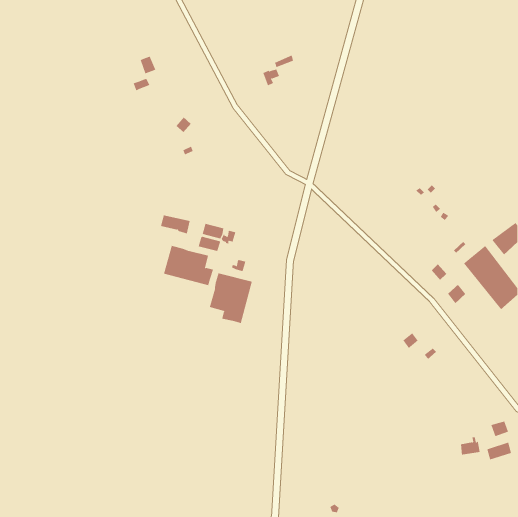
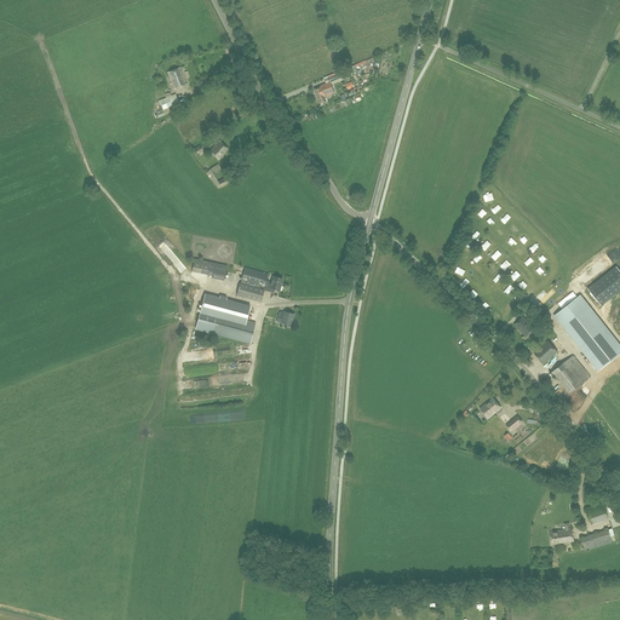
building: [209,273,253,324] -> none
building: none -> [551,354,590,392]

